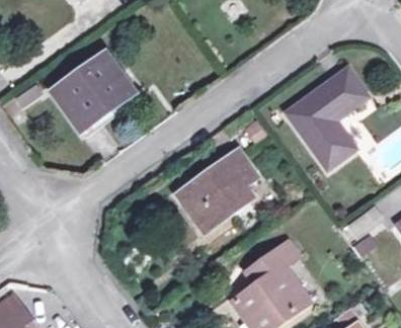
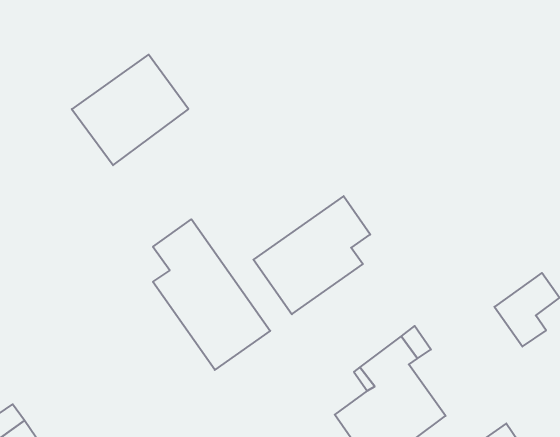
building: [285,69,369,170] -> none
building: none -> [153,219,270,370]

